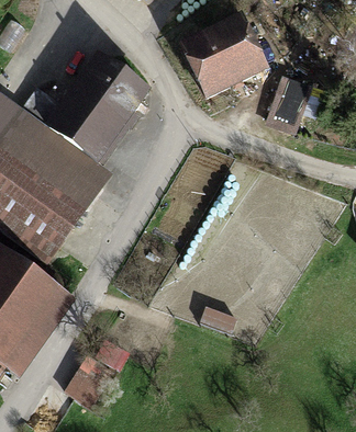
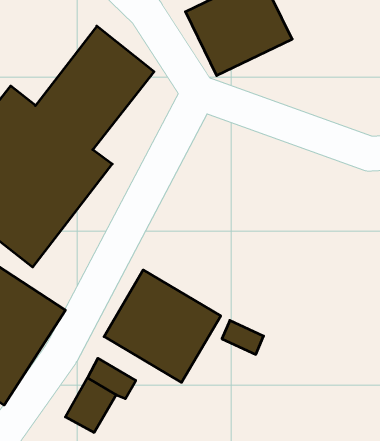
building: [265,75,310,130] -> none
building: none -> [104,270,221,382]

